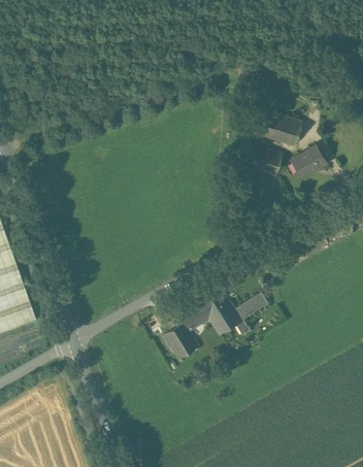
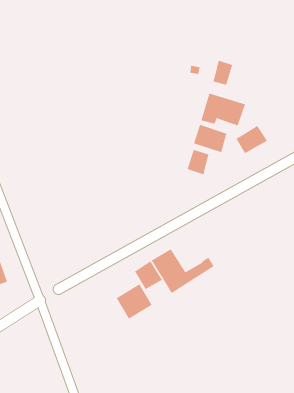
building: none -> [212,60,233,86]
building: none -> [187,149,210,175]

